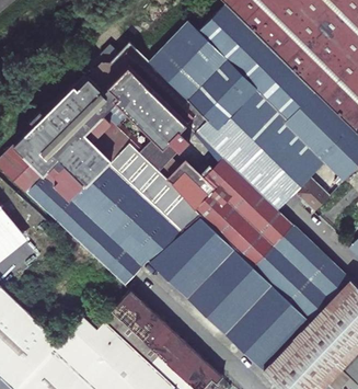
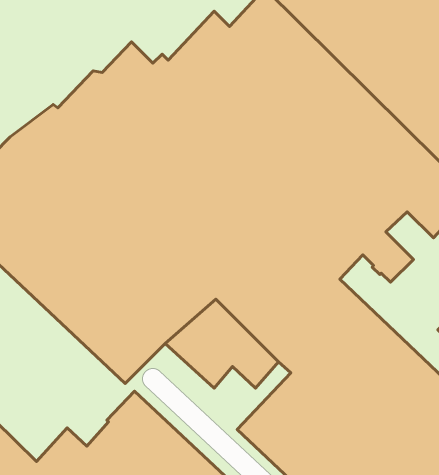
building: [146,256,242,318] -> none

